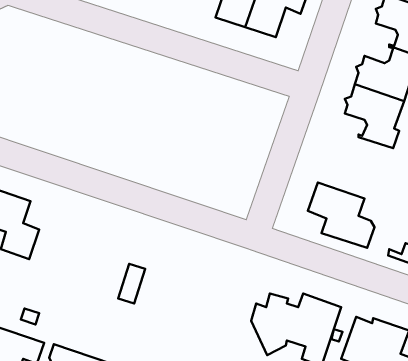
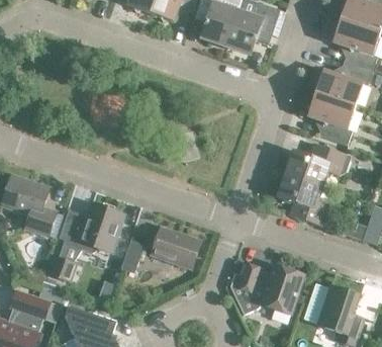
building: none -> [285,146,350,186]
building: none -> [53,202,129,280]
building: none -> [151,226,201,268]

